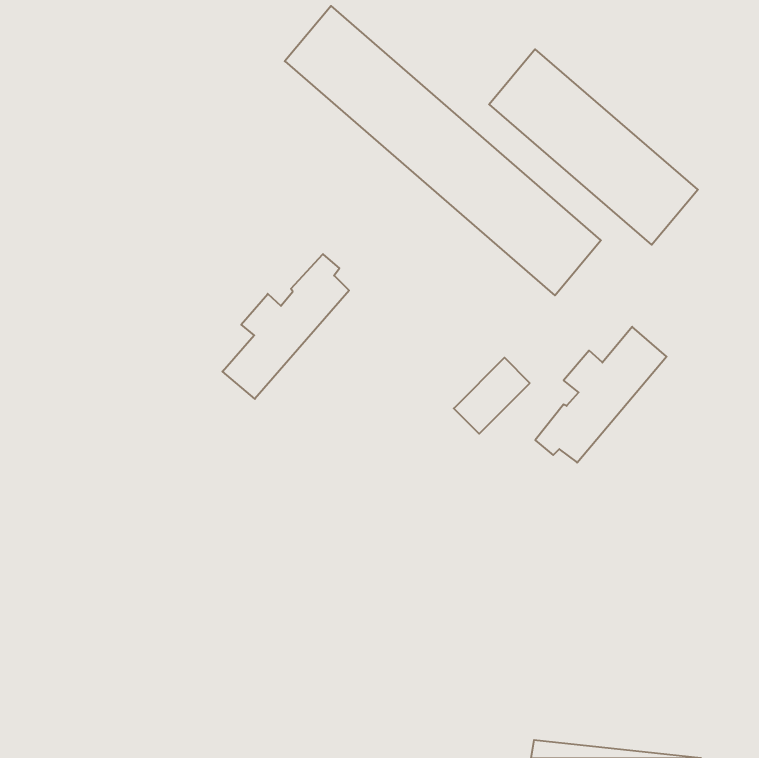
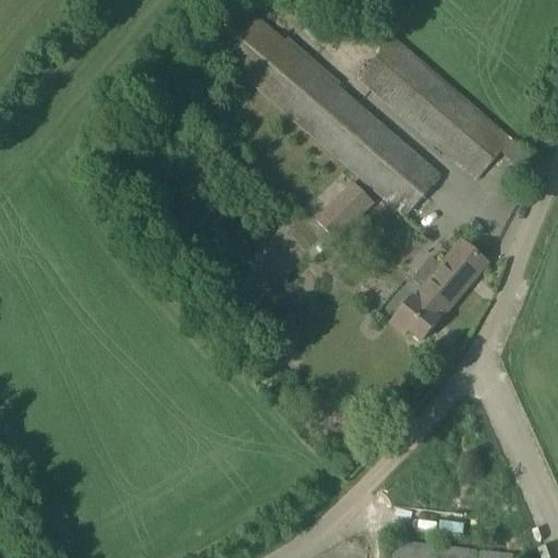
building: [222,254,349,399] -> none
building: [454,358,530,434] -> [318,182,374,238]

